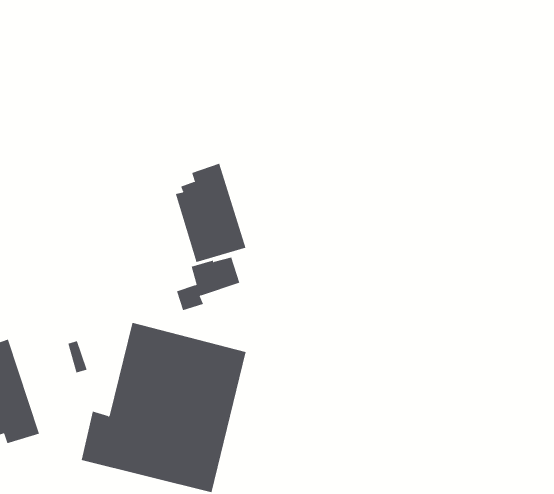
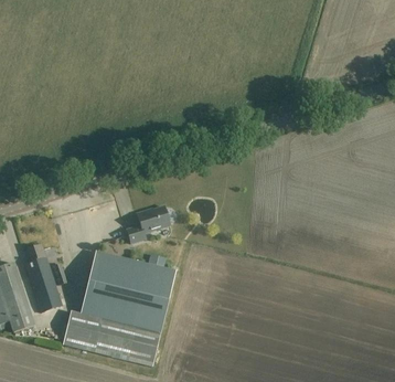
building: [175,163,246,263] -> none
building: none -> [26,243,62,310]

